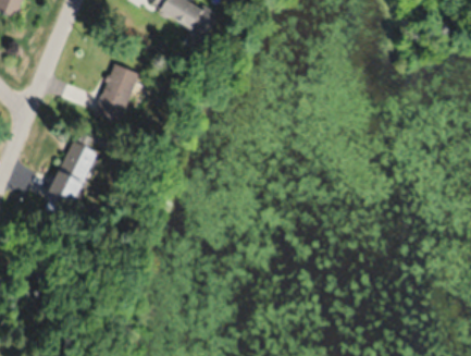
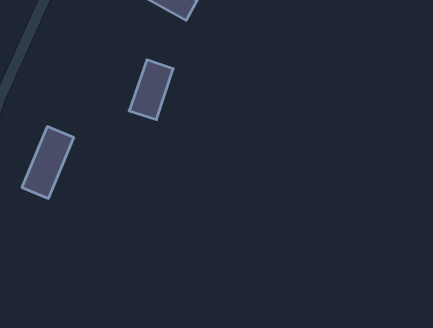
building: [95,63,138,122] -> [129,60,173,120]

